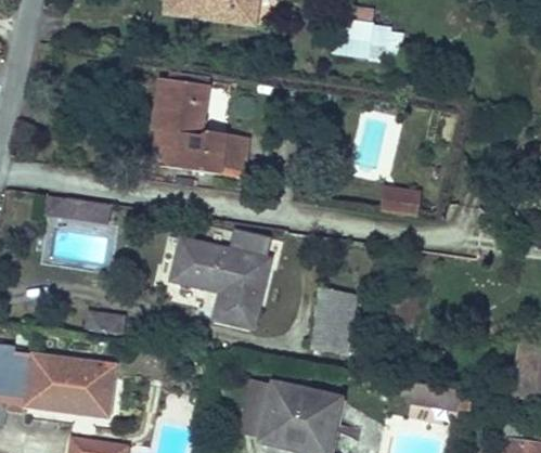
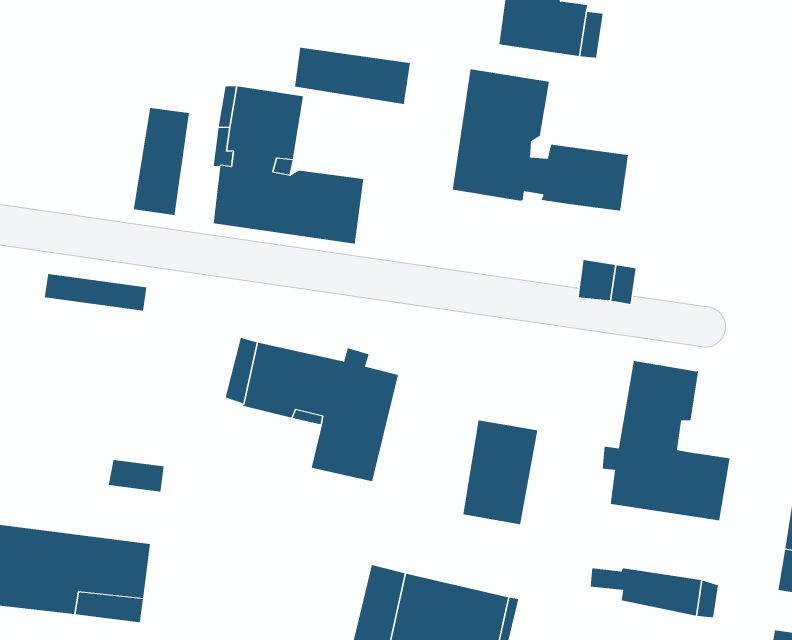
building: none -> [294,47,410,105]
building: none -> [452,69,628,212]
building: none -> [133,107,190,216]
building: none -> [602,360,730,521]

